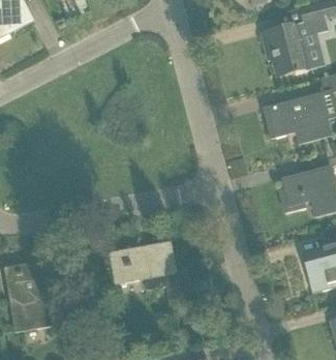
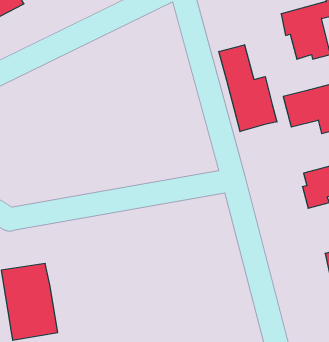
building: none -> [219,45,277,132]
building: [110,242,192,299] -> none

